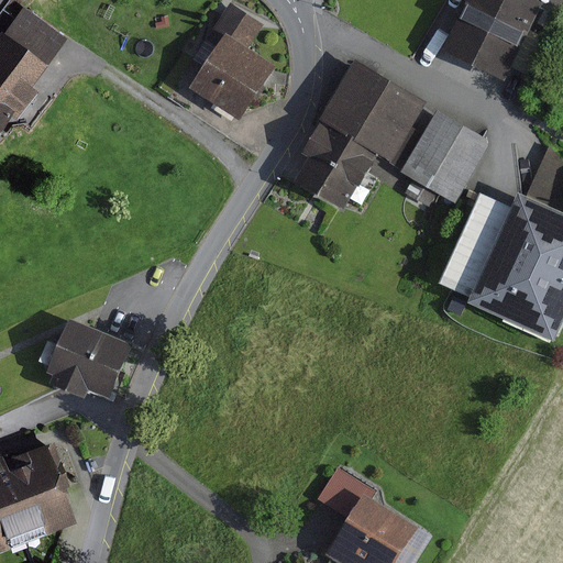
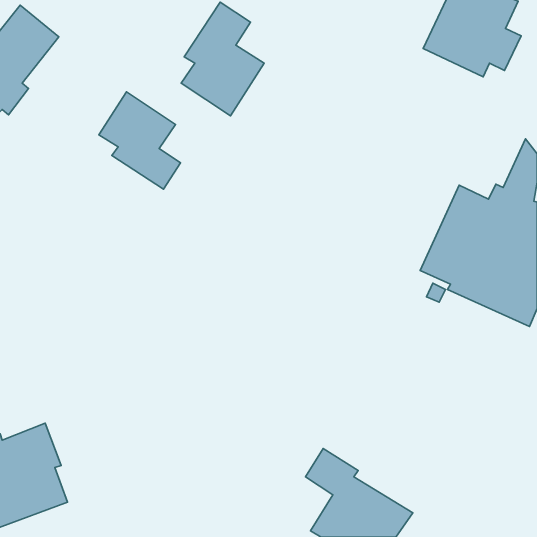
building: [299,58,492,210] -> none
building: none -> [99,92,181,189]
building: [40,318,132,399] -> none

